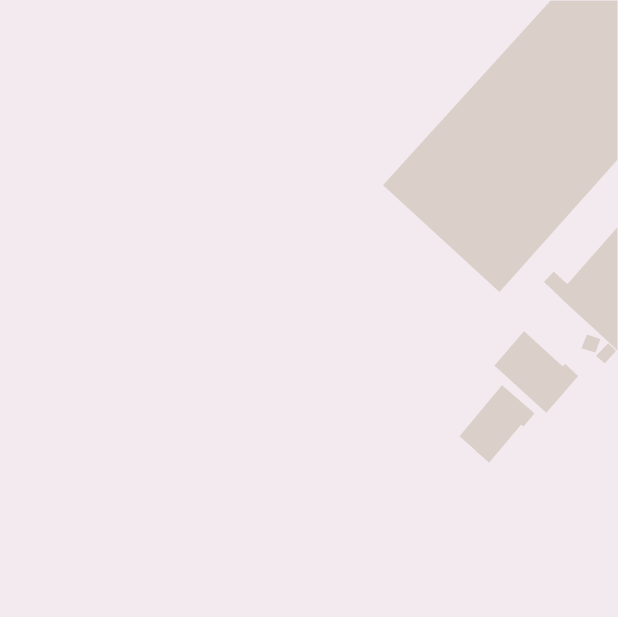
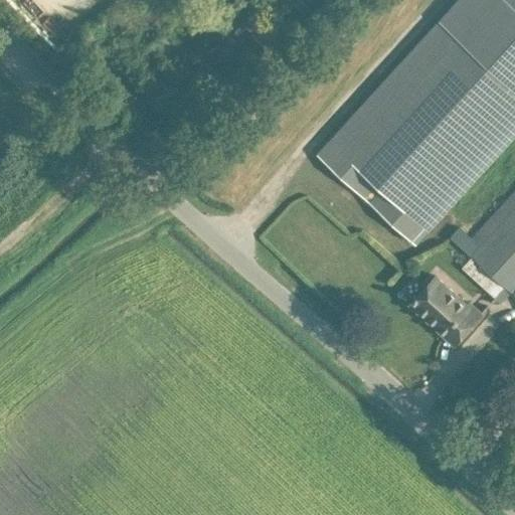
building: [458,384,535,464] -> none

